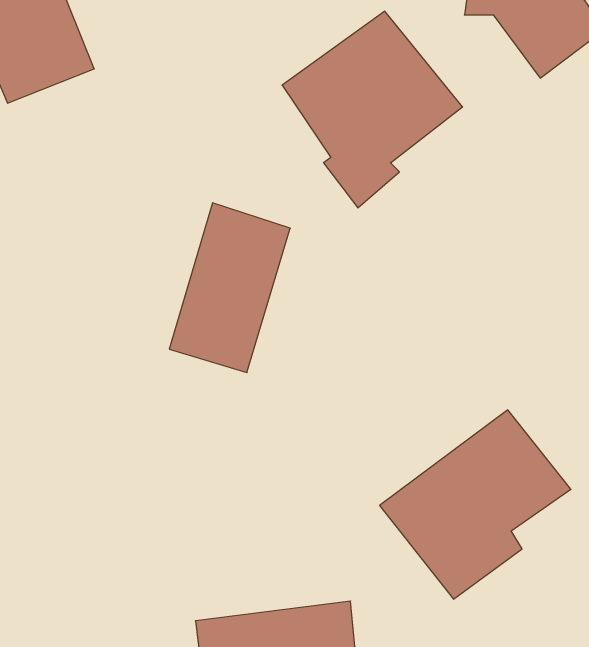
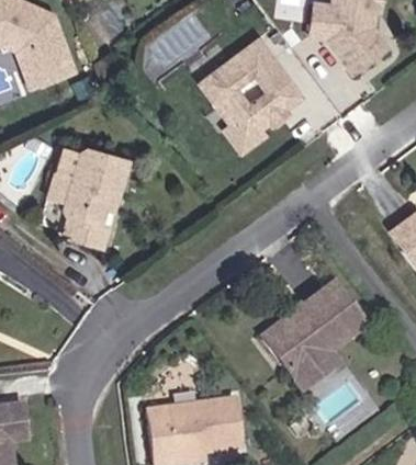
building: [169,203,290,373] -> [45,143,119,246]

